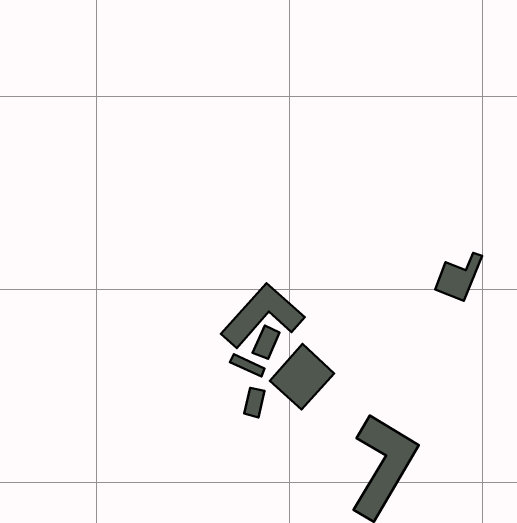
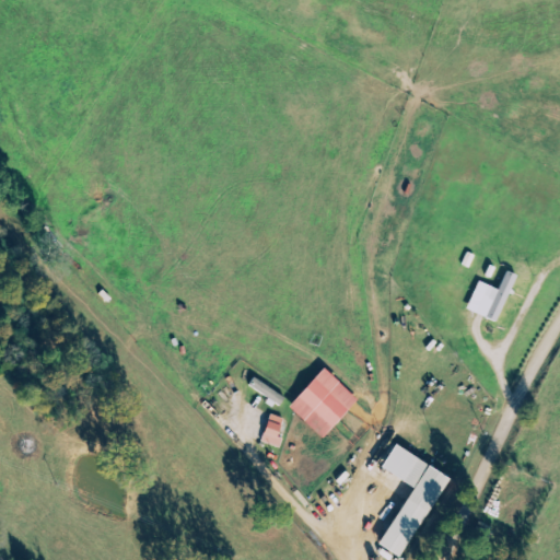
building: [221,283,305,348] -> none
building: [252,326,280,359] -> none

